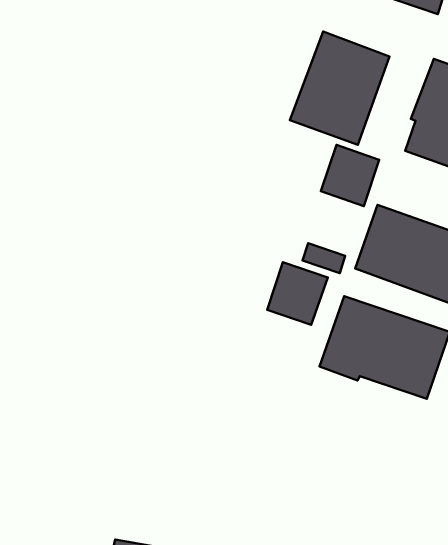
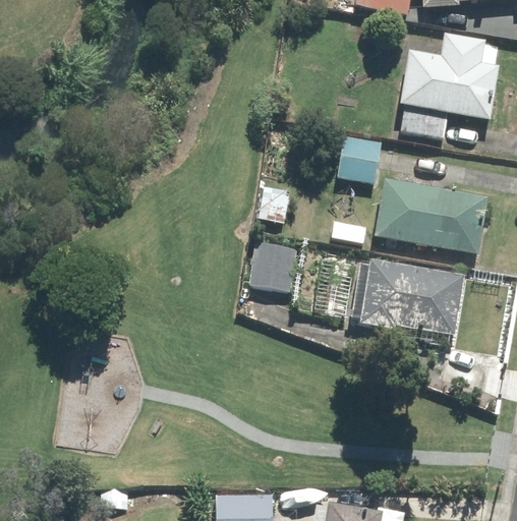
building: [290,32,389,145] -> none
building: [267,262,328,325] -> [249,242,295,290]

